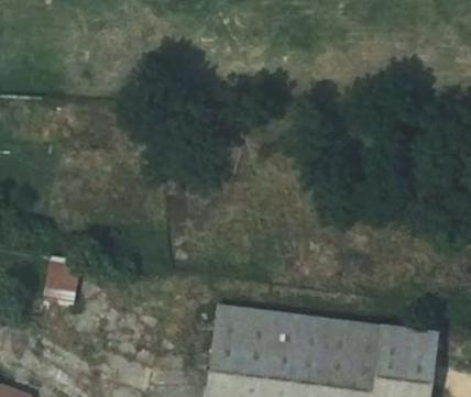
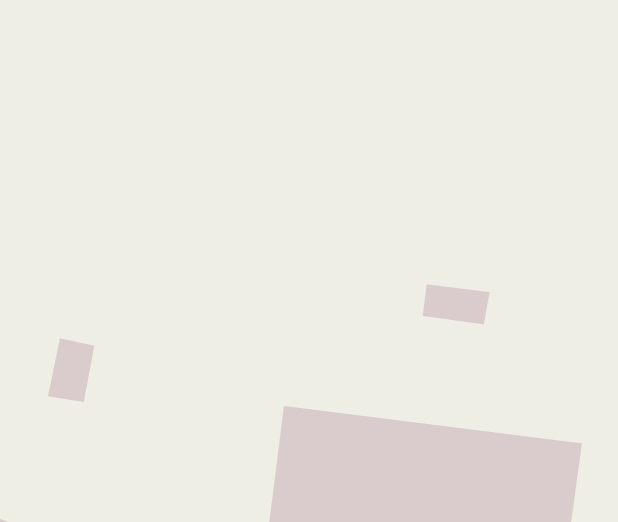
building: none -> [422,283,490,325]

